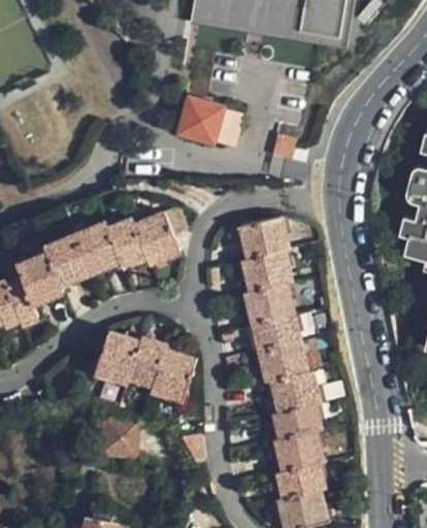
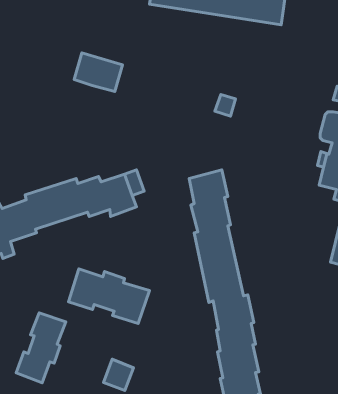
building: [179,97,237,143] -> [74,53,122,92]
building: none -> [16,313,66,383]
building: [113,412,150,450] -> [103,359,134,390]

